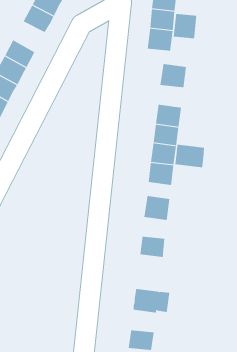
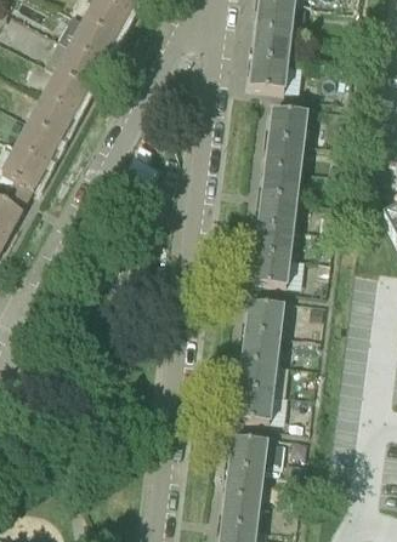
building: [173,13,197,39] -> none
building: none -> [53,42,101,87]
building: none -> [266,136,305,169]
building: [175,144,204,168] -> none
building: none -> [243,329,280,360]
building: none -> [236,383,274,418]
building: none -> [226,464,265,497]

